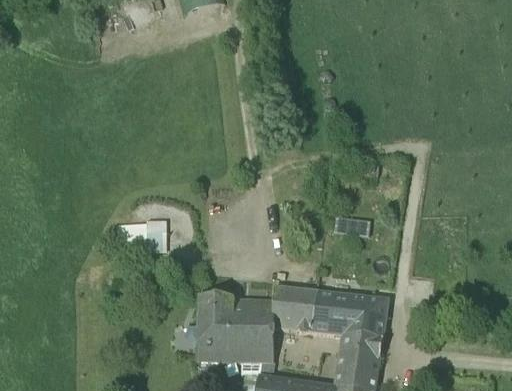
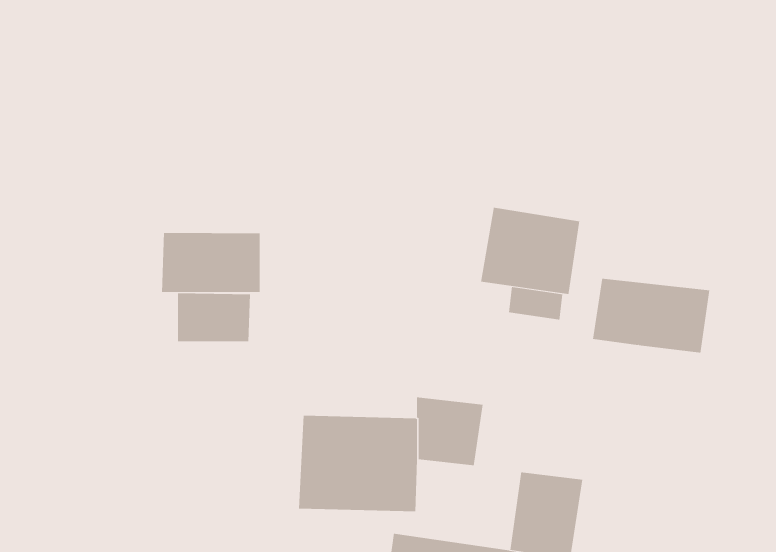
building: none -> [480,207,580,295]
building: none -> [161,232,260,293]
building: [311,291,388,340] -> [592,278,710,353]

